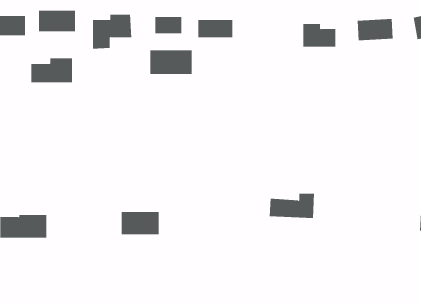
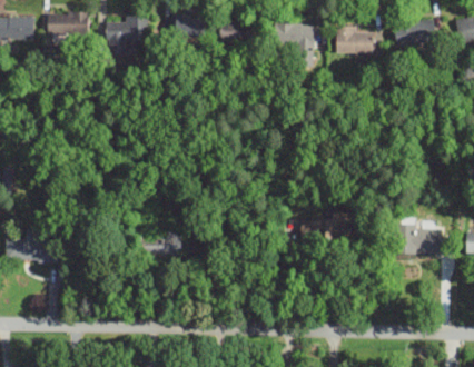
building: none -> [275,26,315,63]
building: [150,50,192,75] -> none
building: [31,57,72,83] -> none
building: none -> [395,219,441,255]

